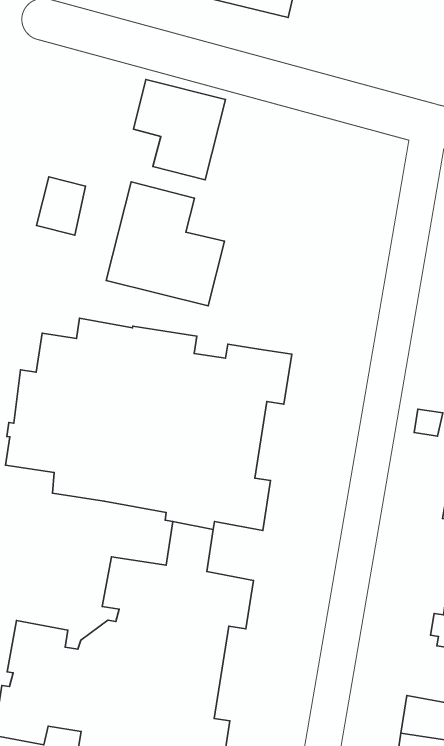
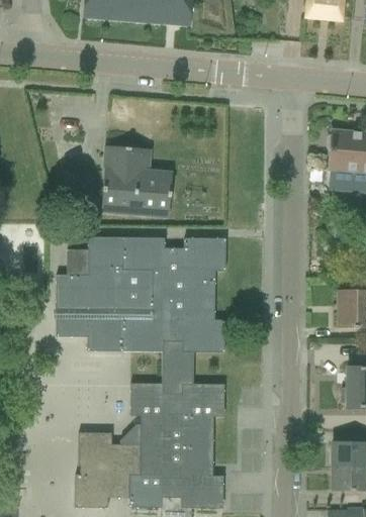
building: [133,79,226,180] -> none
building: [36,177,86,235] -> none

